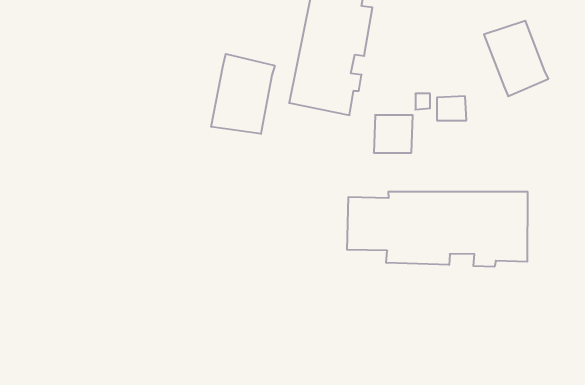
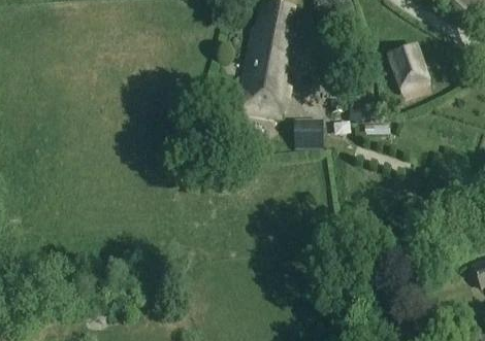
building: [211,54,275,134] -> none
building: [347,192,527,267] -> none

